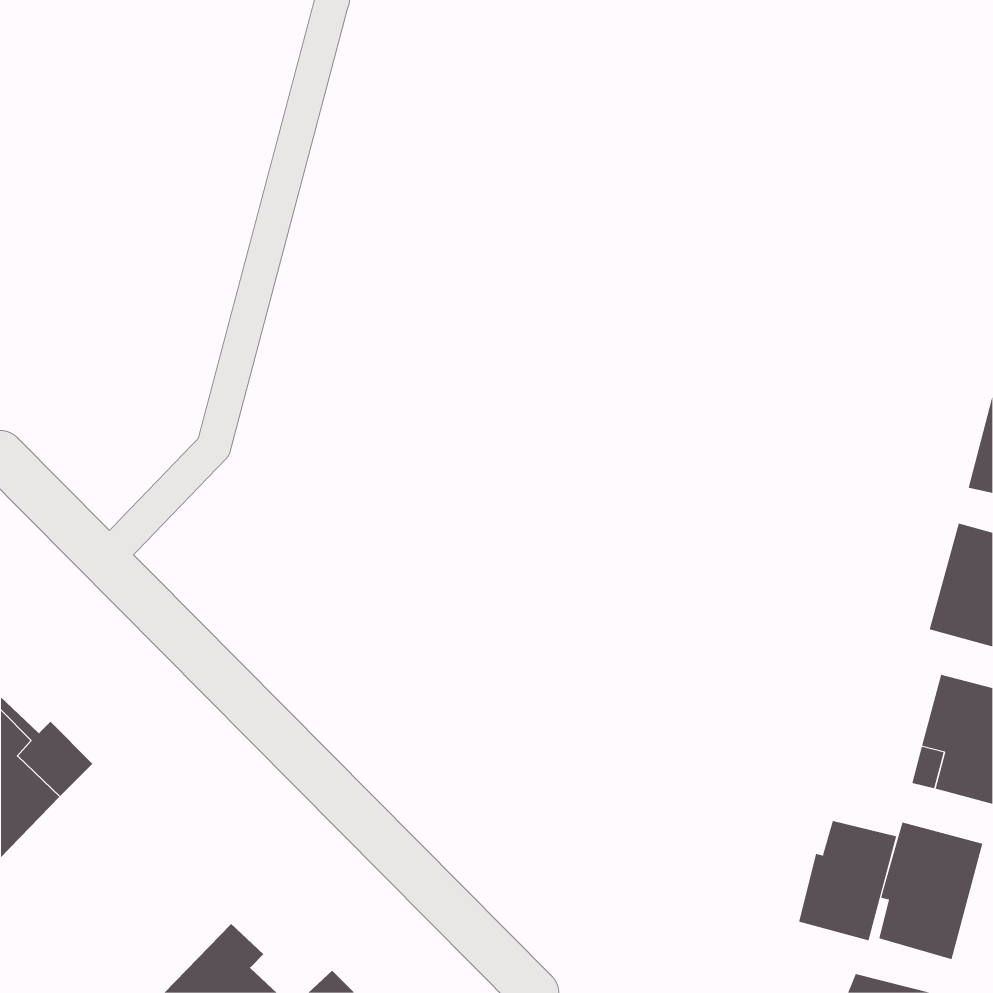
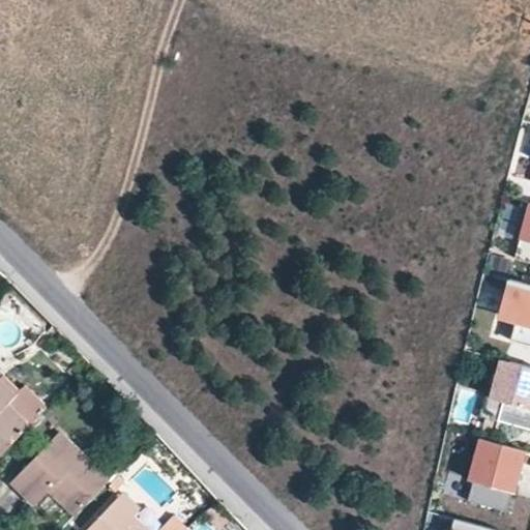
building: none -> [11,432,111,517]
building: [798,820,897,941] -> none

